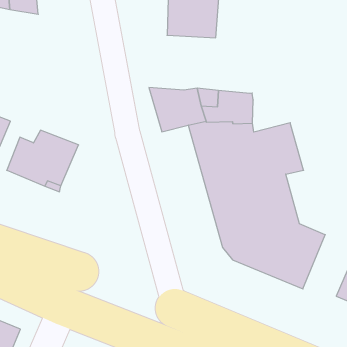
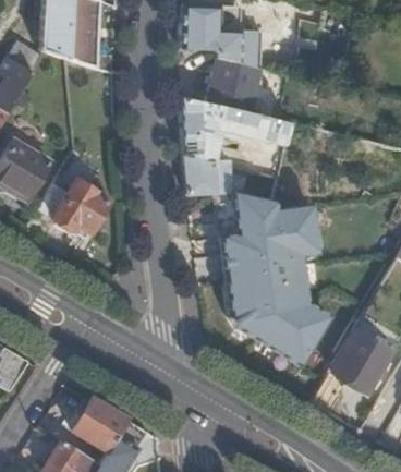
building: none -> [182,98,294,159]

